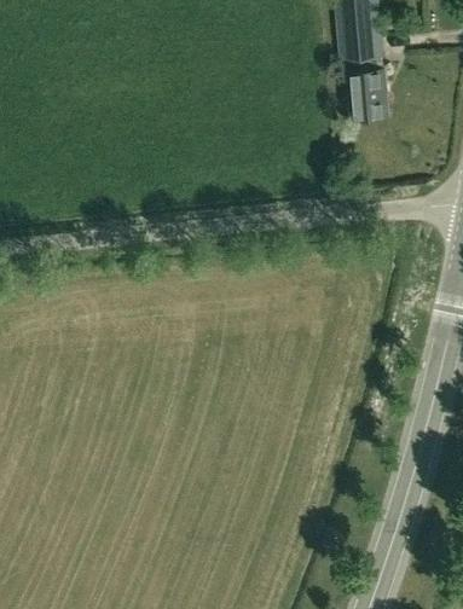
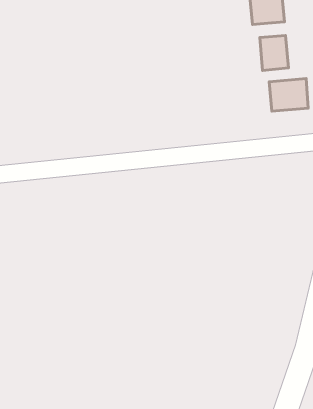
building: none -> [269,79,308,111]

